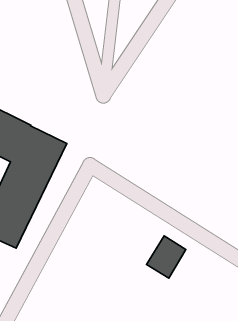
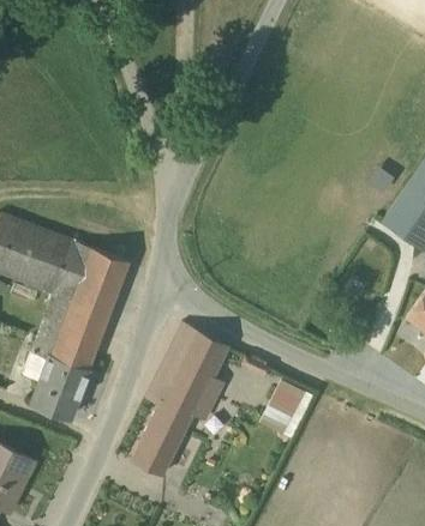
building: none -> [131,324,229,477]

